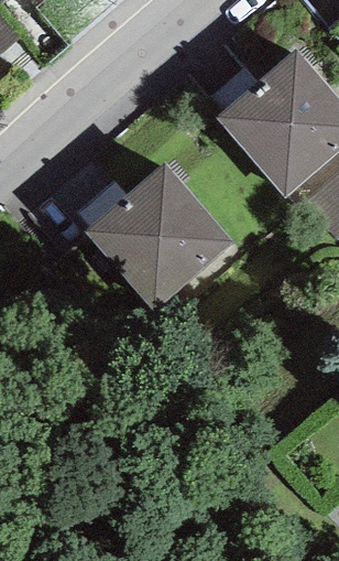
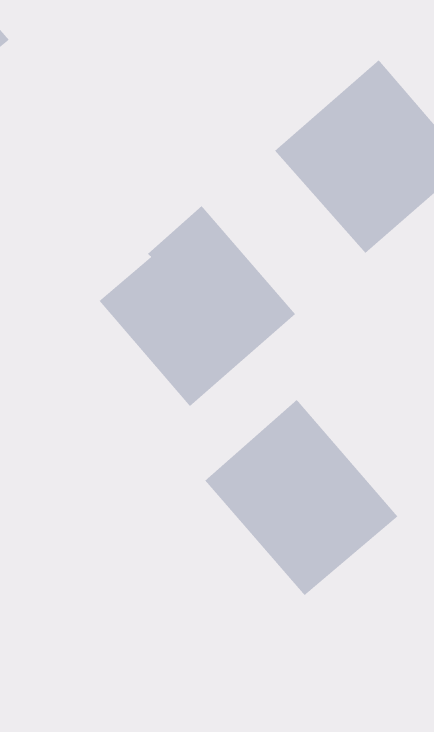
building: none -> [204,399,398,596]

